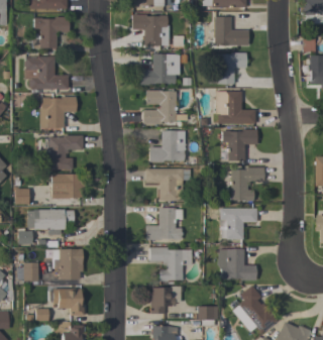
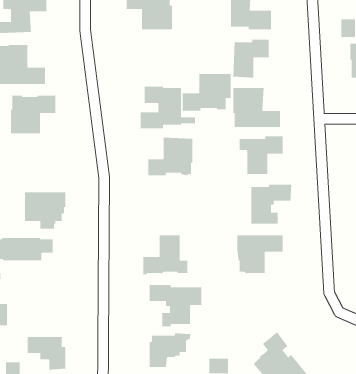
building: [139,54,179,85] -> [182,73,232,111]
building: [36,135,82,168] -> none
building: [145,168,190,200] -> none
building: [52,248,82,279] -> none
building: [216,249,255,280] -> none

